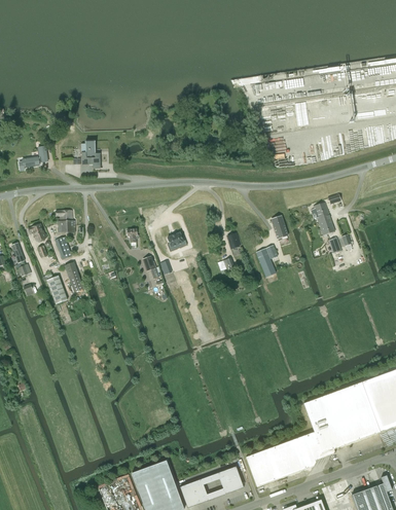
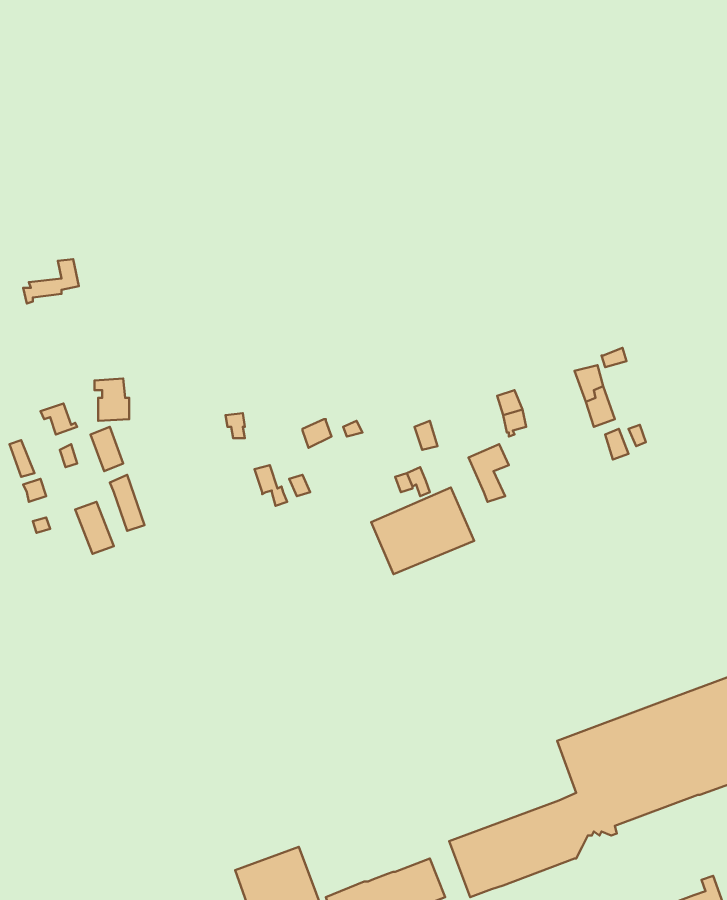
building: [81,143,101,168] -> none
building: none -> [371,488,474,574]

